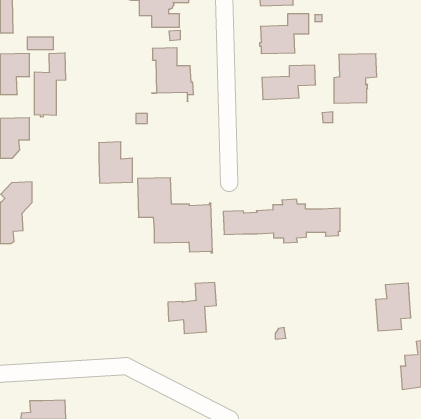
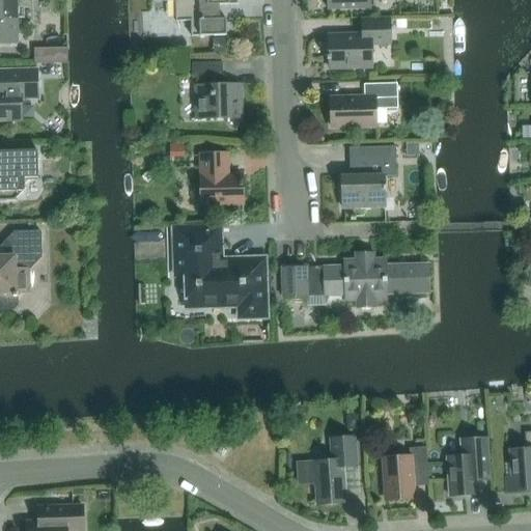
building: [35,53,65,117] -> none
building: [334,54,377,103] -> [342,145,396,207]
building: [99,142,133,183] -> [200,151,243,203]
building: [168,283,216,334] -> [296,436,357,500]
building: [375,283,411,331] -> [446,435,491,495]
building: none -> [383,445,428,499]

